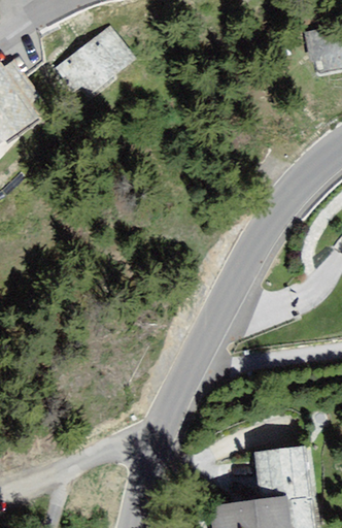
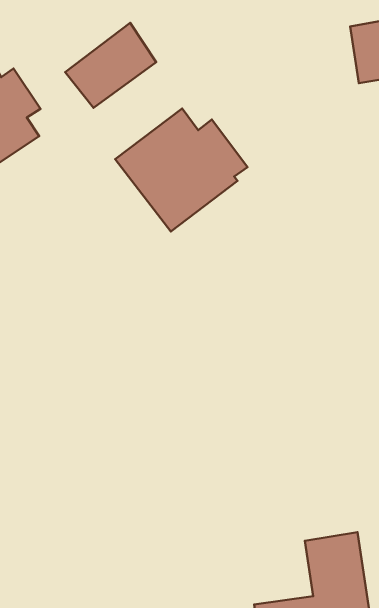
building: none -> [115,109,247,231]

